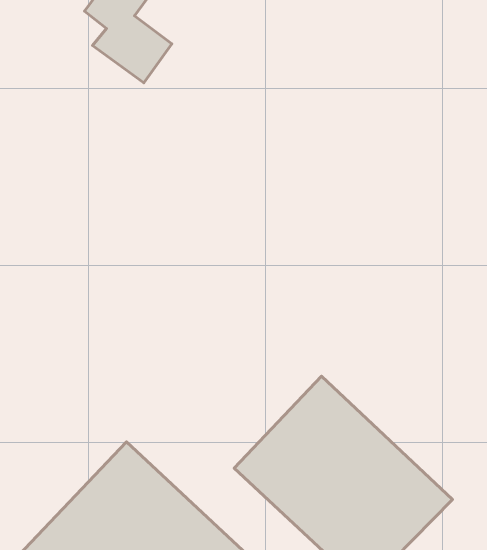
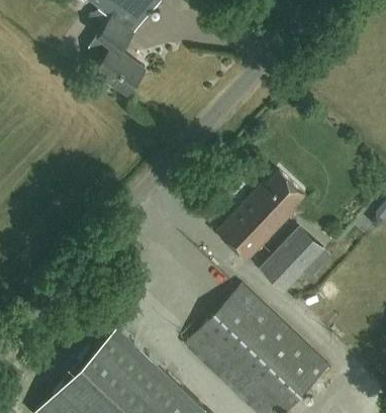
building: none -> [217,171,304,261]
building: none -> [261,227,324,291]

